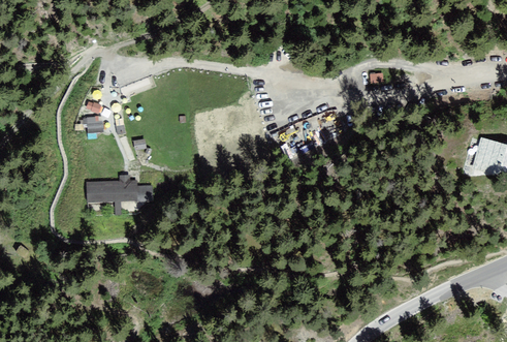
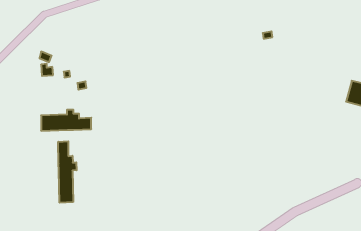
building: none -> [58,141,77,203]

